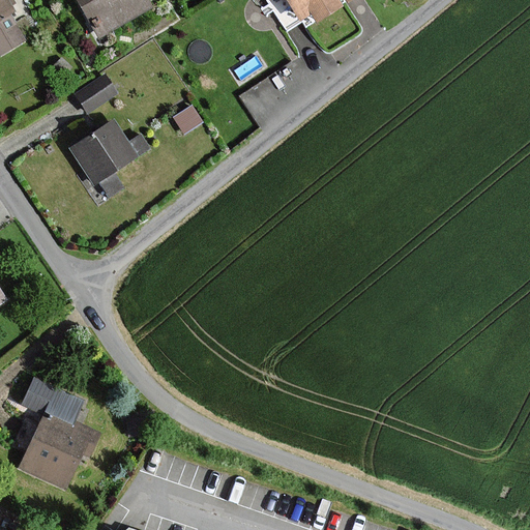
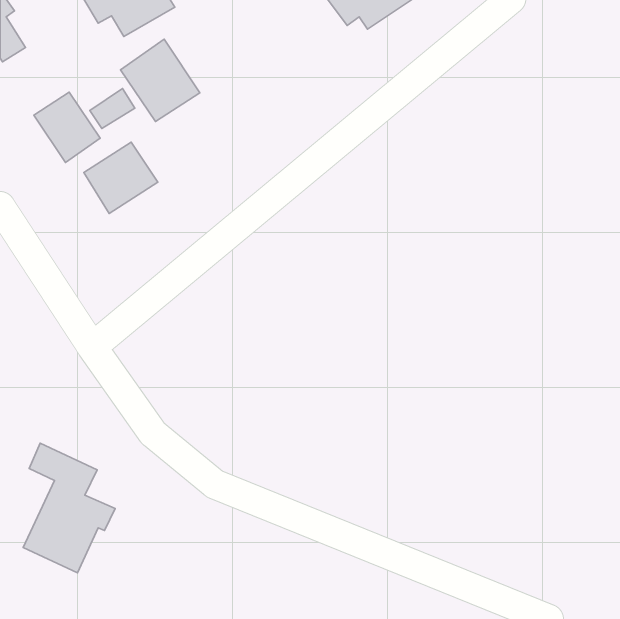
building: none -> [120,39,200,121]
building: none -> [34,92,100,163]

